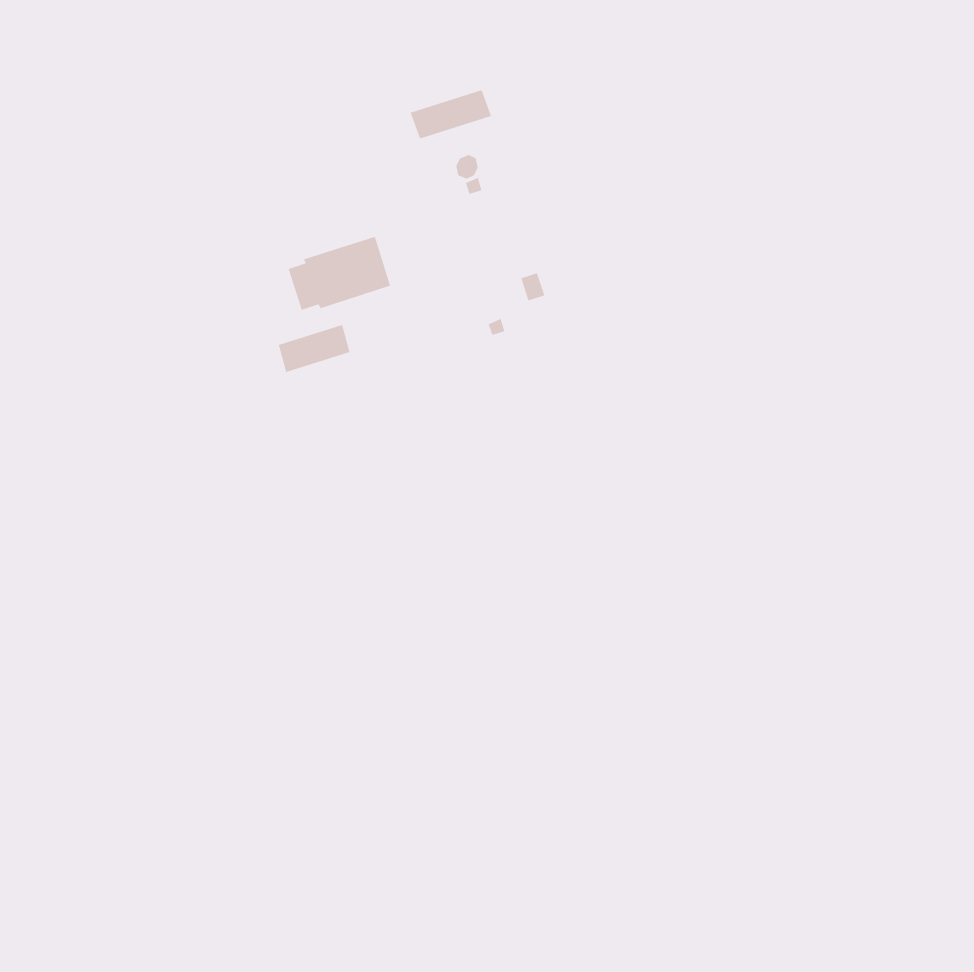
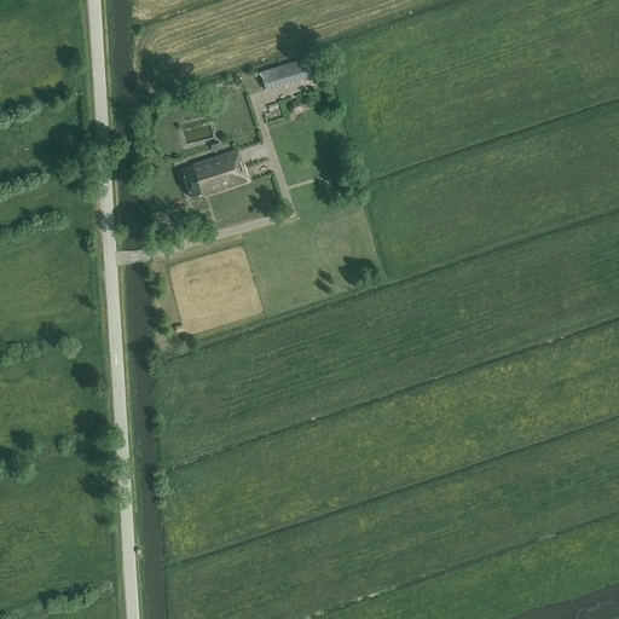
building: [278,324,350,373] -> none

